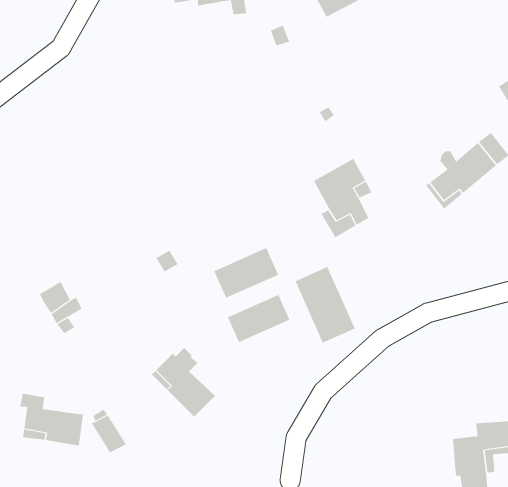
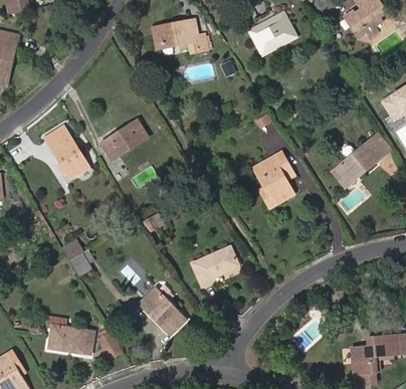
building: none -> [102,119,148,160]
building: none -> [45,126,87,178]
building: [213,247,279,299] -> none
building: [295,266,356,344] -> none

